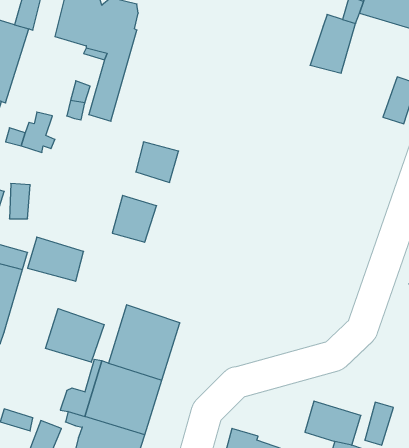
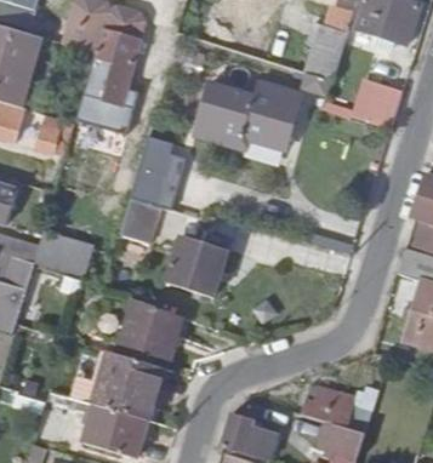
building: none -> [192,84,301,152]
building: none -> [176,236,237,298]
building: [46,309,104,362] -> none

